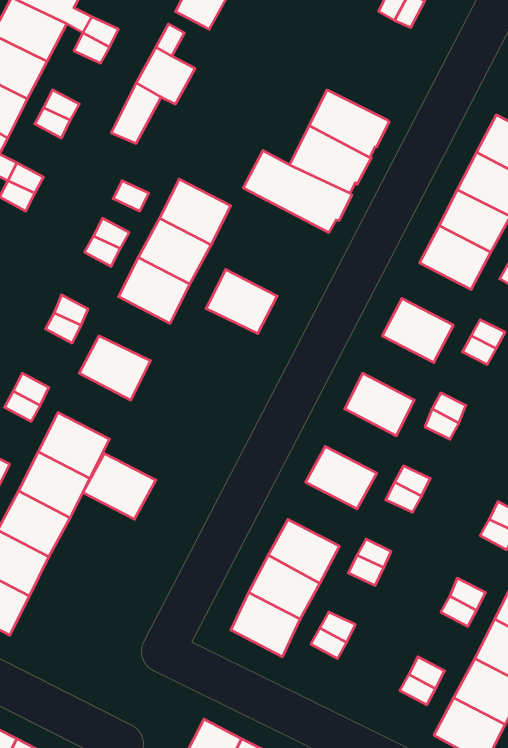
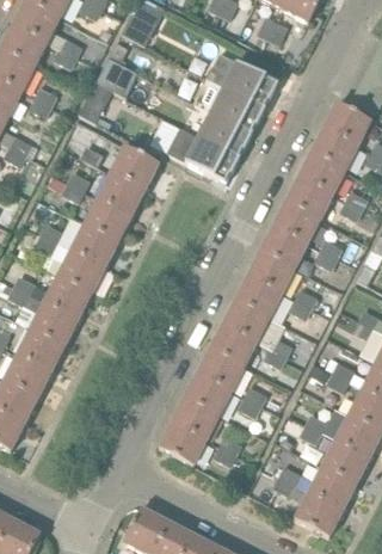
building: none -> [207,51,278,105]
building: none -> [273,201,320,242]
building: [206,269,277,334] -> [70,223,118,266]
building: none -> [247,250,295,293]
building: none -> [222,298,270,341]
building: [83,453,156,519] -> [43,275,92,319]
building: none -> [197,347,244,390]

